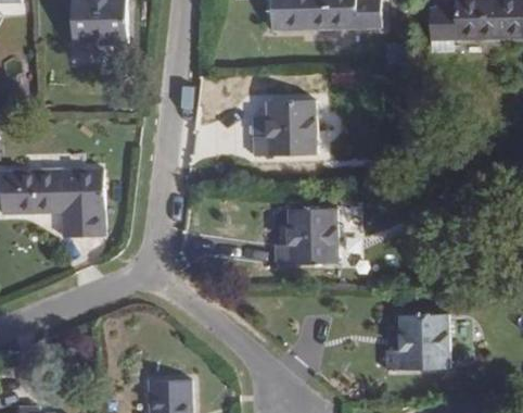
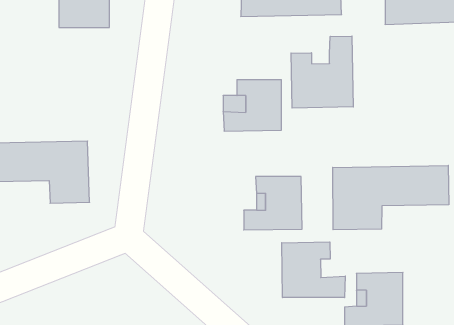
building: none -> [291,36,353,108]
building: none -> [333,165,449,230]
building: none -> [282,242,345,298]

